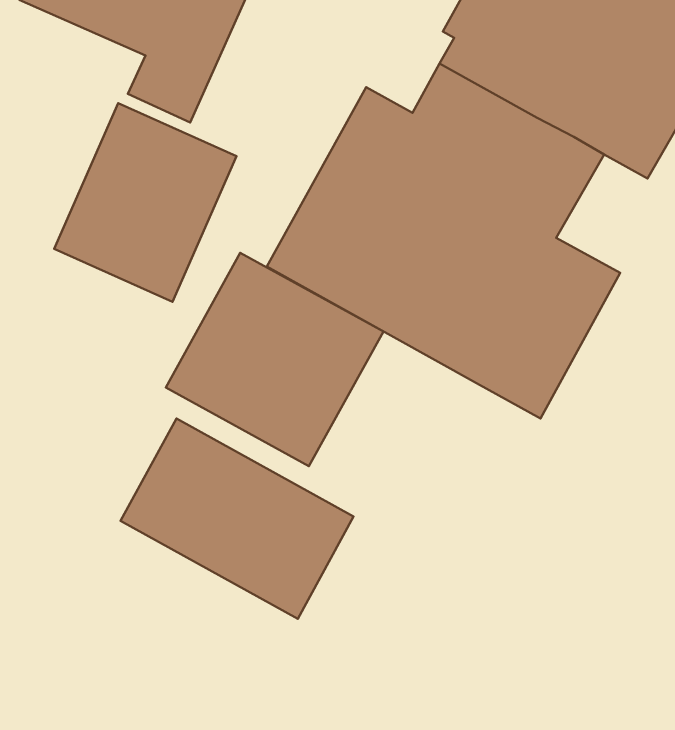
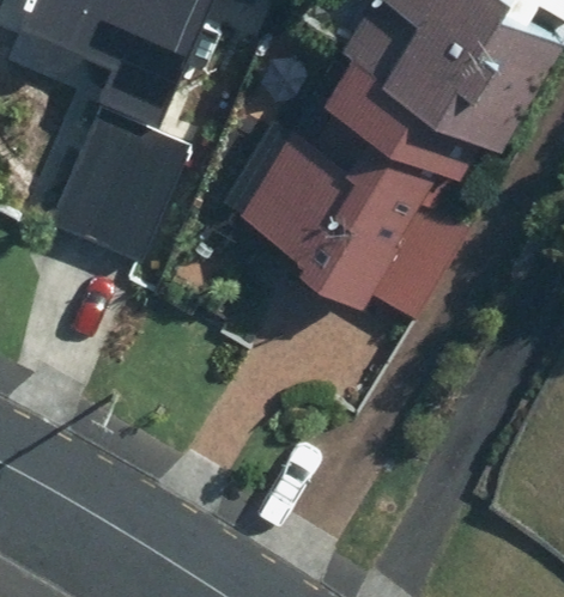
building: [166,253,383,466] -> none
building: [121,418,354,619] -> none

